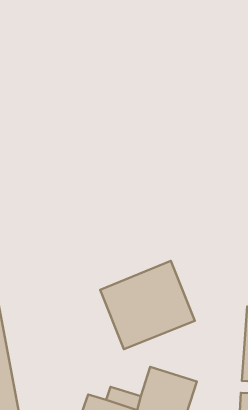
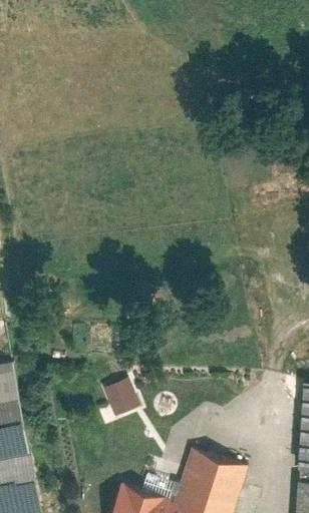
building: [100,261,195,349] -> none
building: none -> [102,382,138,421]

